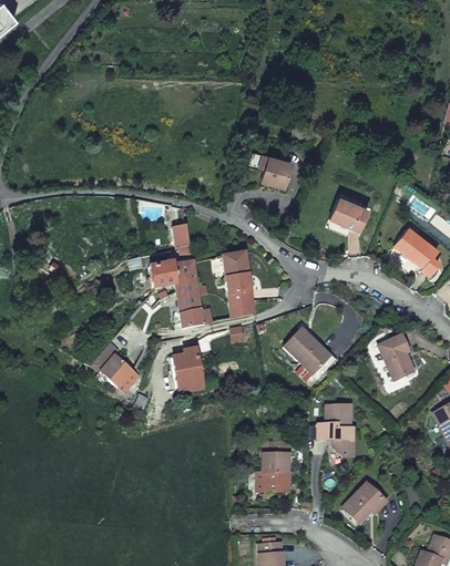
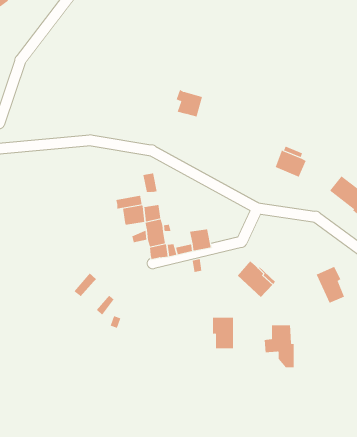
building: [259,154,292,187] -> [176,89,203,117]
building: [223,253,250,295] -> none
building: [170,348,204,392] -> none
building: [100,354,133,388] -> none
building: [262,454,287,492] -> [212,317,234,349]
building: [344,484,386,523] -> none

